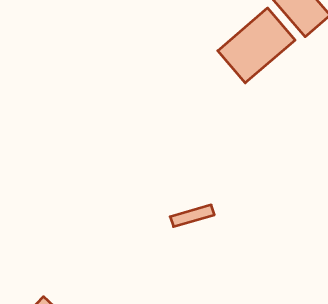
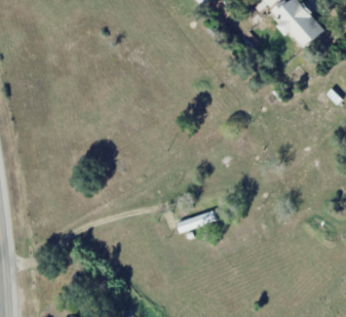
building: [218,8,295,83] -> none

